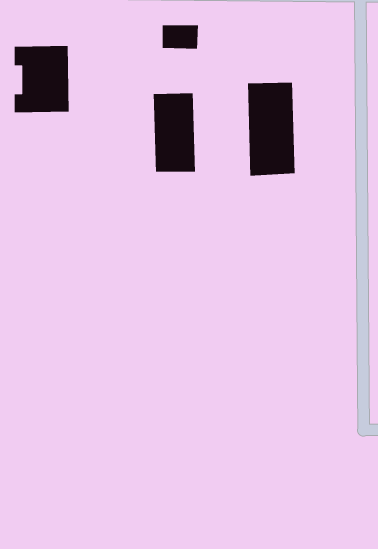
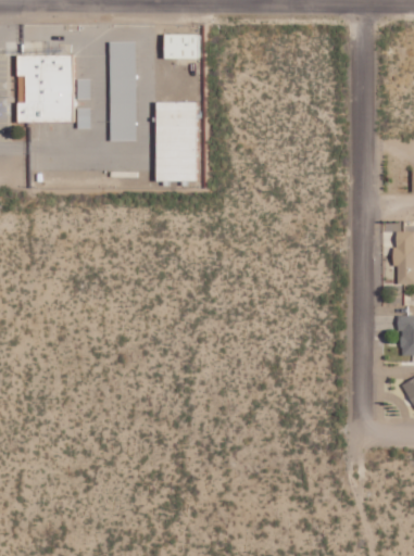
building: none -> [109,42,135,141]
building: [247,82,295,176] -> none

